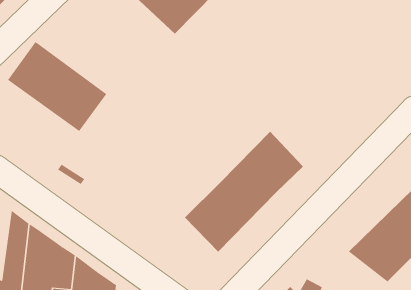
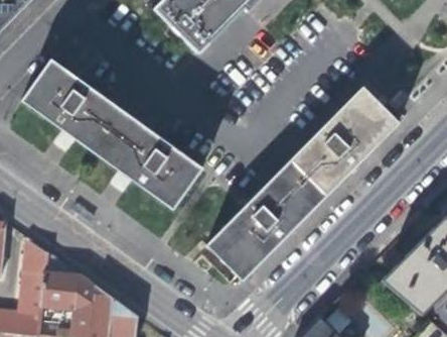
building: none -> [297,87,397,189]
building: none -> [98,114,201,209]

